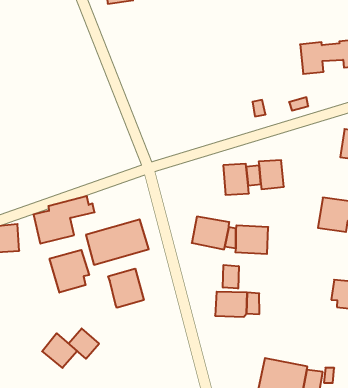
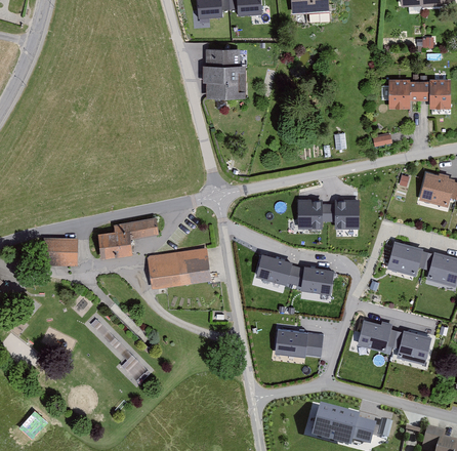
building: none -> [203,51,247,101]
building: [50,250,89,293] -> none
building: [223,265,239,289] -> none
building: [108,269,144,308] -> none
building: none -> [359,320,400,353]
building: [42,333,77,368] -> none

